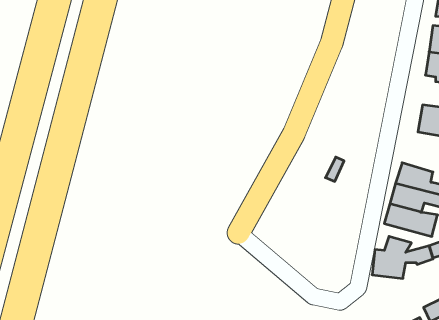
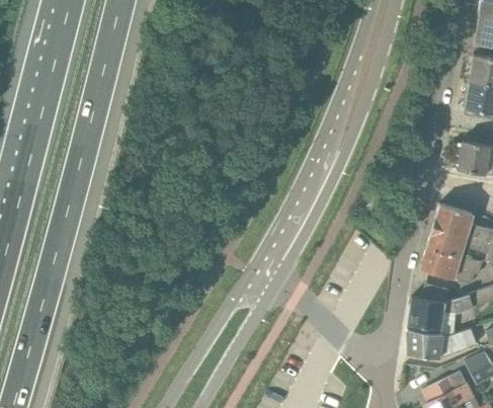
building: none -> [408,328,476,358]

